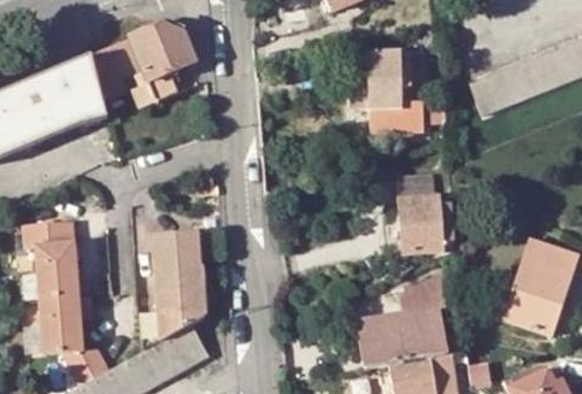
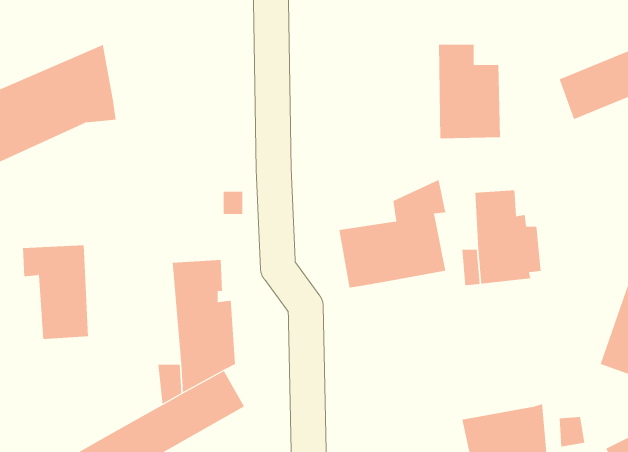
building: [93,23,199,107] -> none
building: [359,277,448,367] -> [339,179,446,288]
building: [42,295,111,384] -> none

